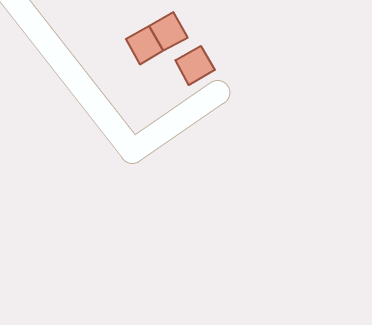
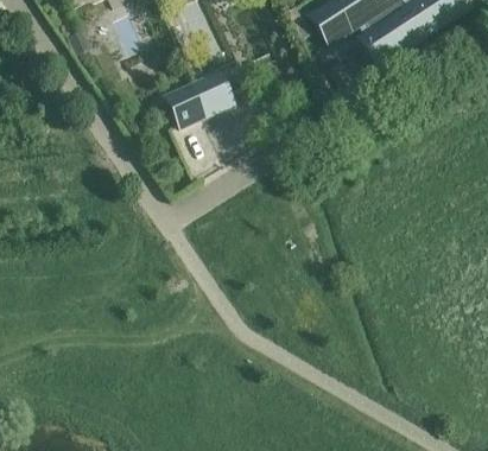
building: [175,46,215,85] -> none

